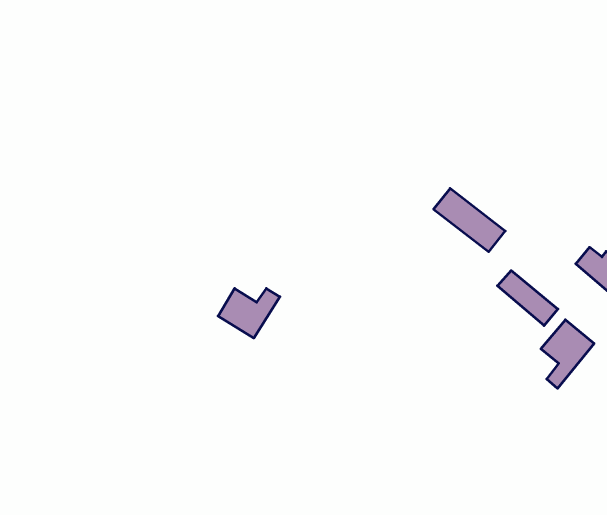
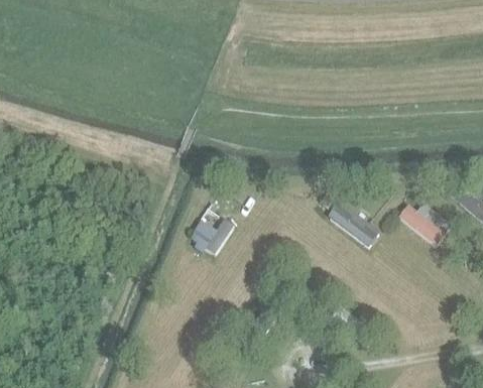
building: [434,188,505,252] -> [327,200,379,246]
building: [541,320,594,388] -> none

